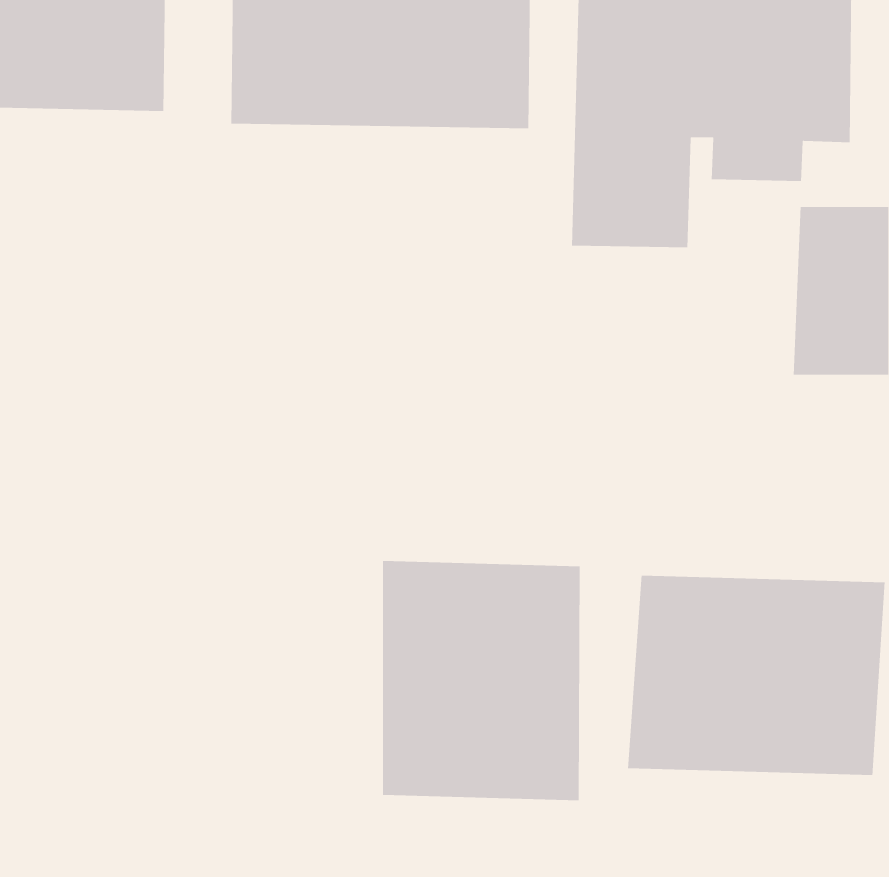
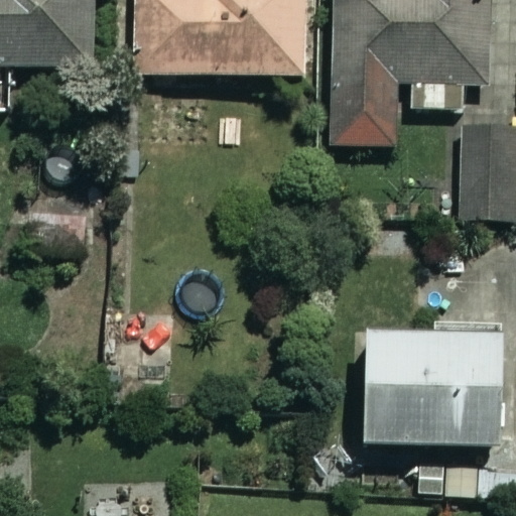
building: [382,560,581,801] -> none

